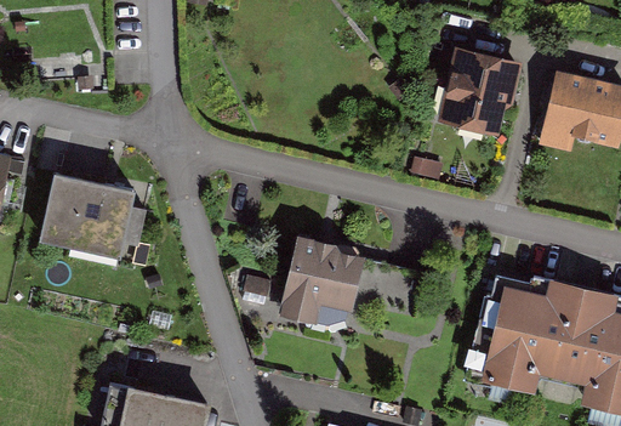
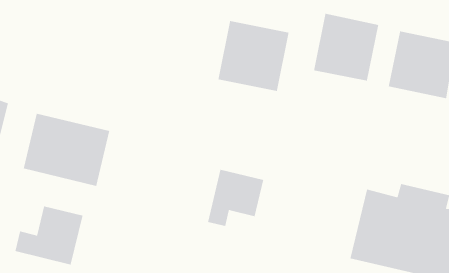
building: none -> [218,20,290,92]
building: none -> [15,205,83,266]

